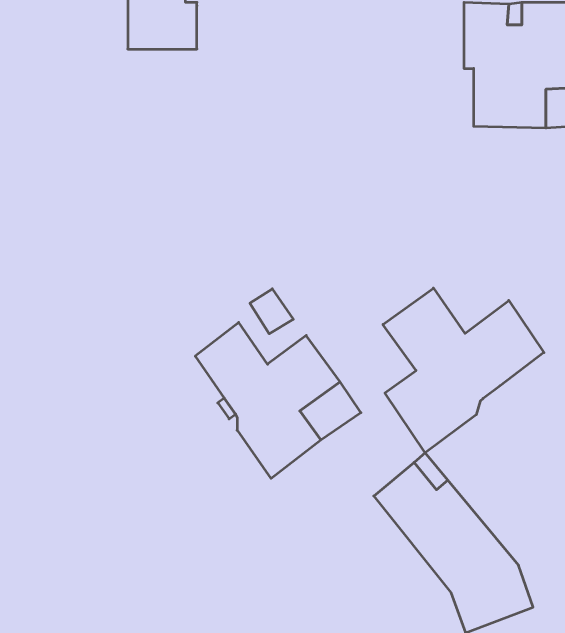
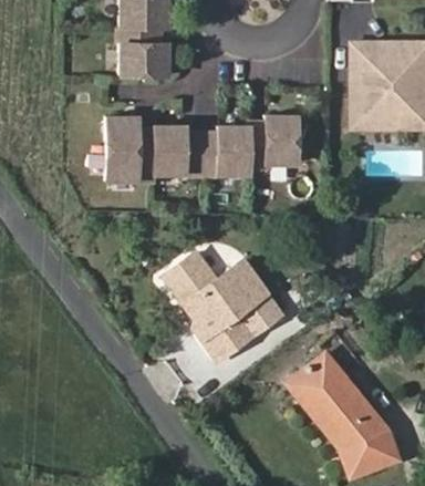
building: none -> [108,114,298,179]
building: [383,288,544,453] -> none

